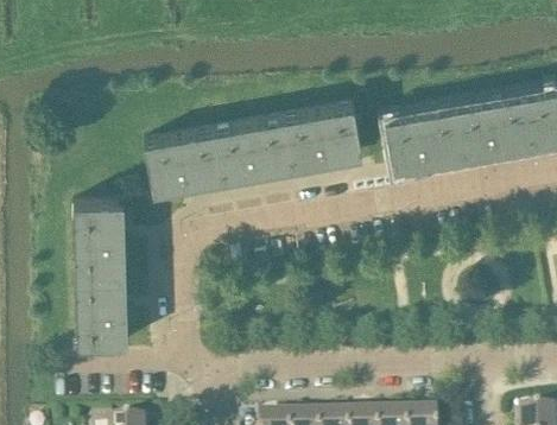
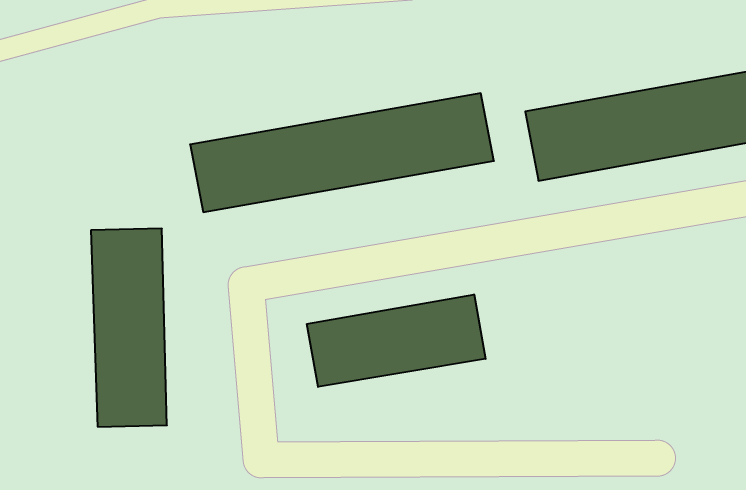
building: none -> [307,294,486,387]

